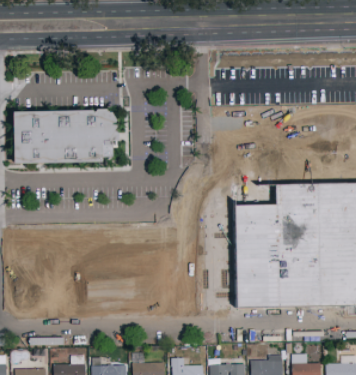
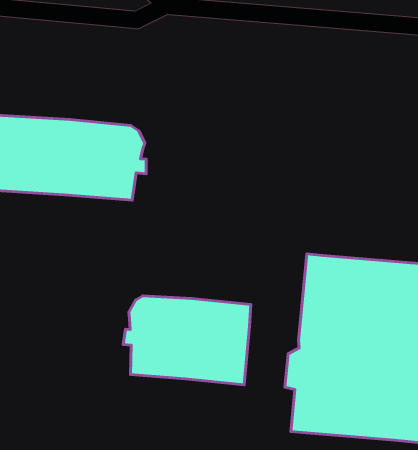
building: none -> [123,296,251,385]

